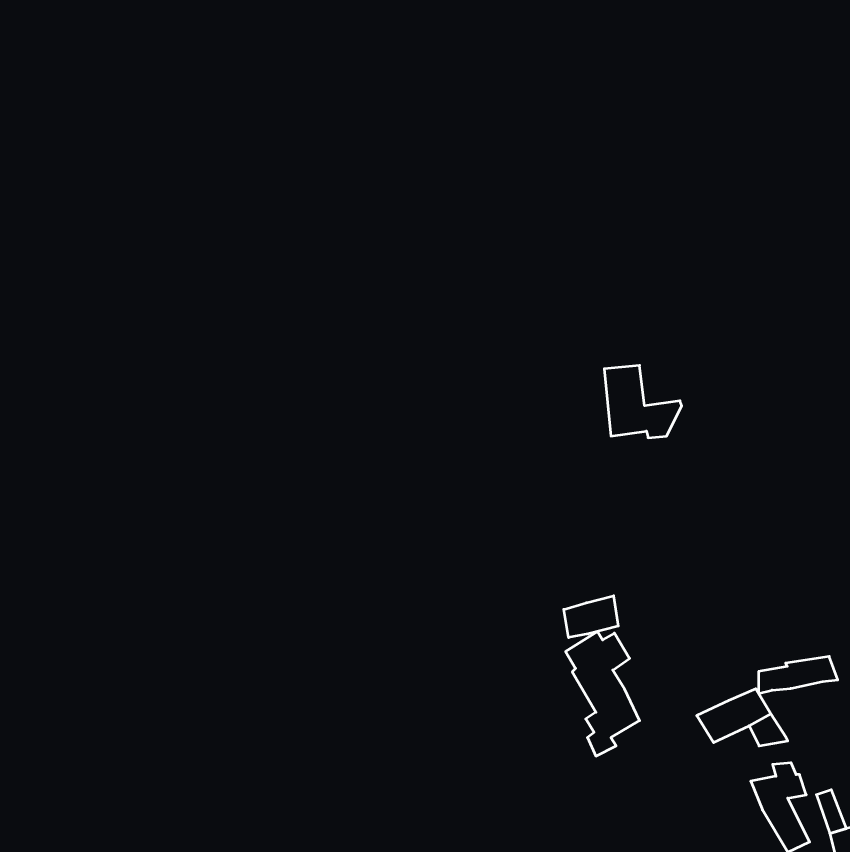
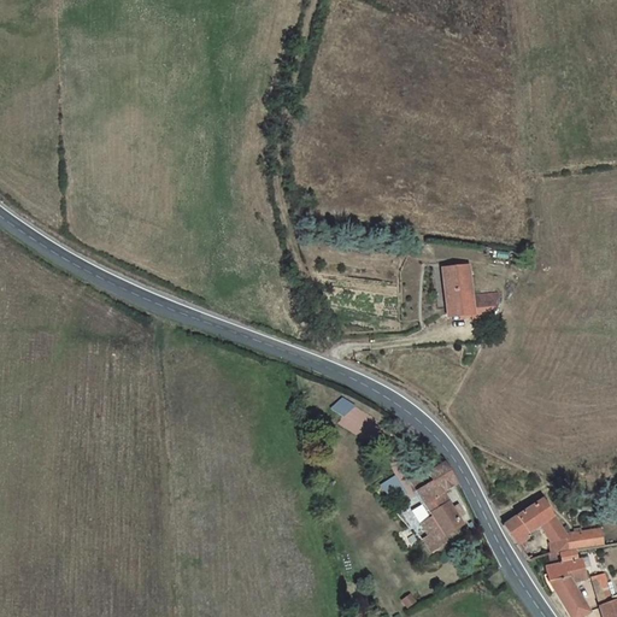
building: [564,596,618,638] -> none
building: [759,656,838,693] -> [551,529,607,556]

